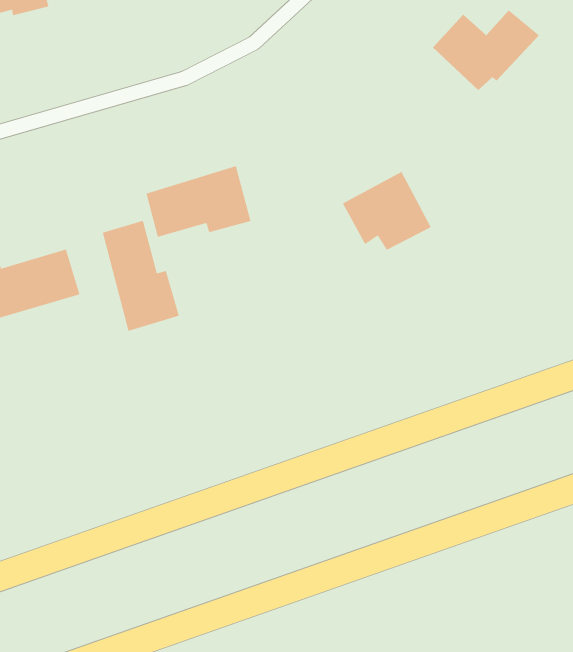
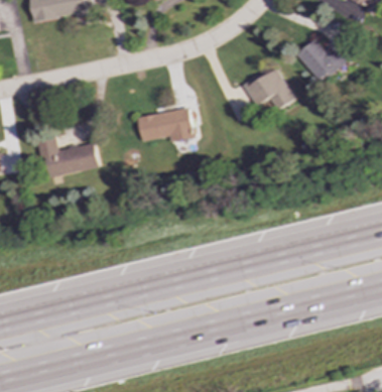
building: [342,171,432,251] -> [245,70,291,111]
building: [102,220,180,332] -> none

